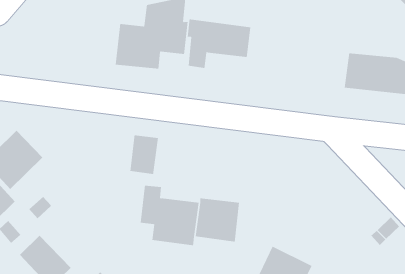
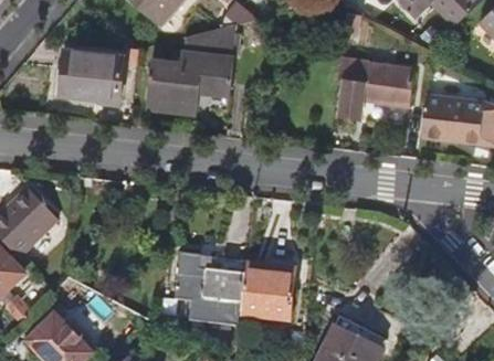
building: none -> [59,45,124,105]
building: [187,19,251,68] -> [337,57,414,117]
building: [130,135,158,175] -> none

